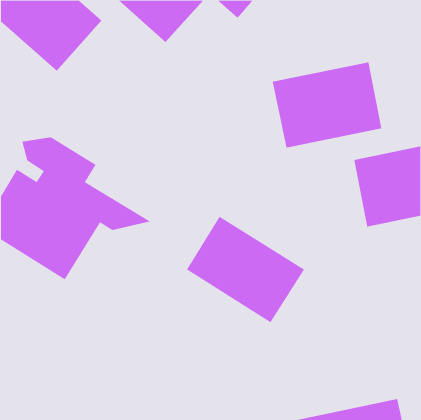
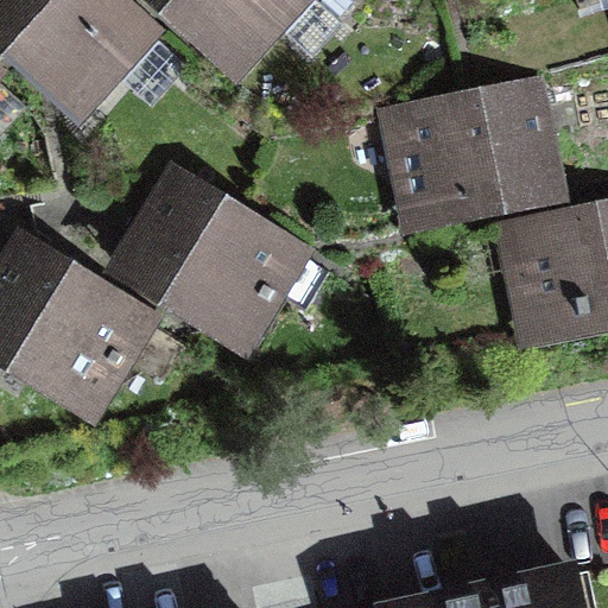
building: none -> [124,178,327,338]
building: [186,216,305,323] -> none

